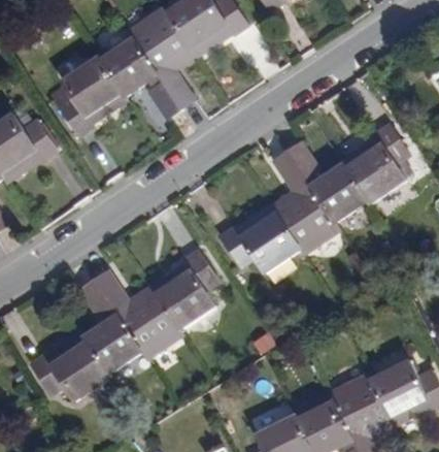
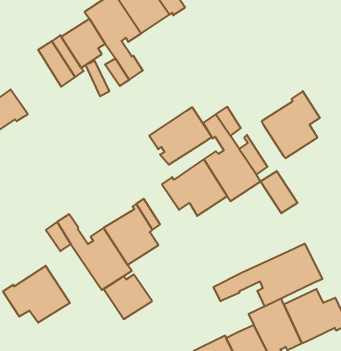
building: [60,72,100,134] -> none
building: none -> [149,107,212,165]
building: [323,162,367,213] -> [261,171,298,213]
building: none -> [214,244,322,306]
building: [85,319,142,373] -> [104,274,152,319]

